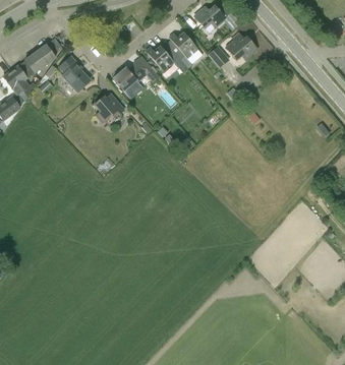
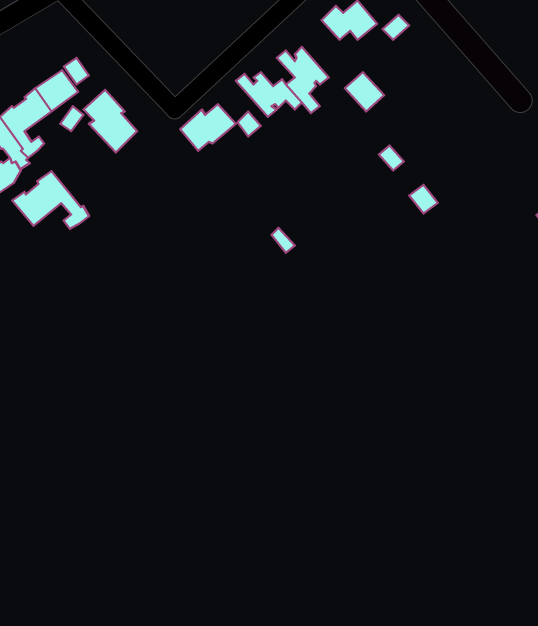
building: [225,31,255,58] -> none
building: [94,93,123,122] -> none
building: none -> [12,171,89,229]

